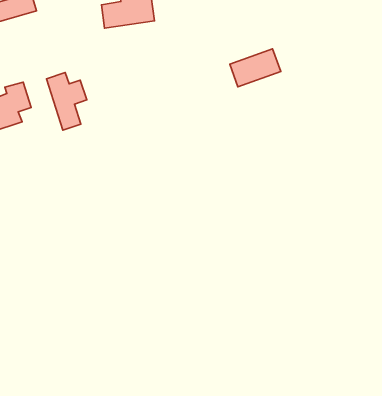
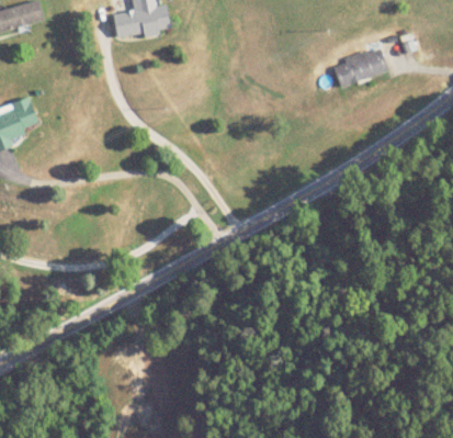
building: [230,49,281,87] -> [332,46,387,87]
building: [47,72,87,130] -> none

